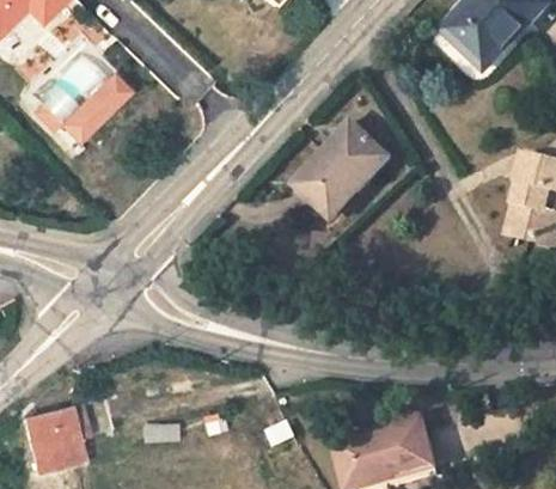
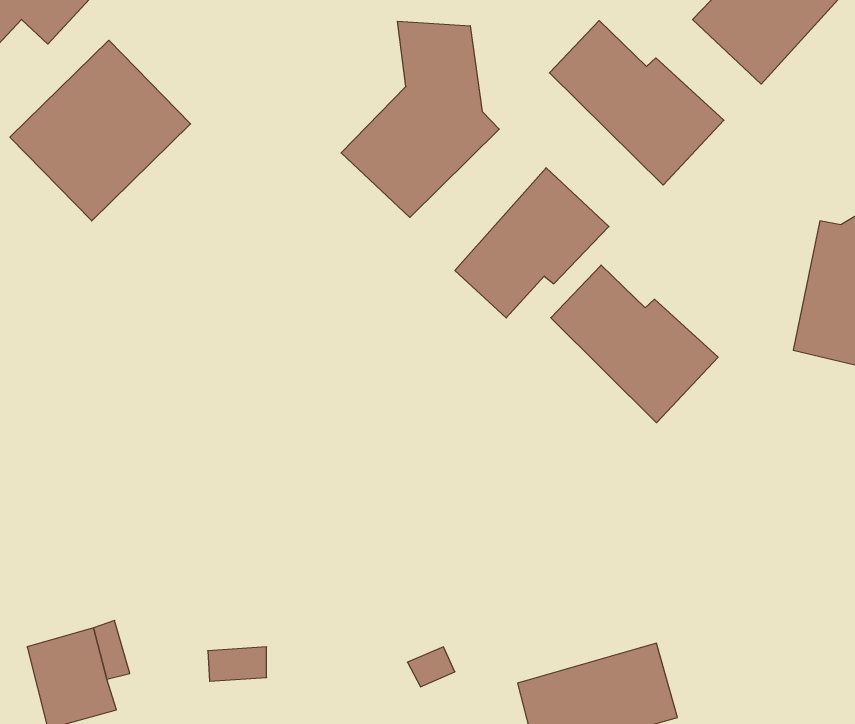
building: none -> [549,21,724,185]
building: none -> [341,21,499,217]
building: none -> [551,265,718,423]

